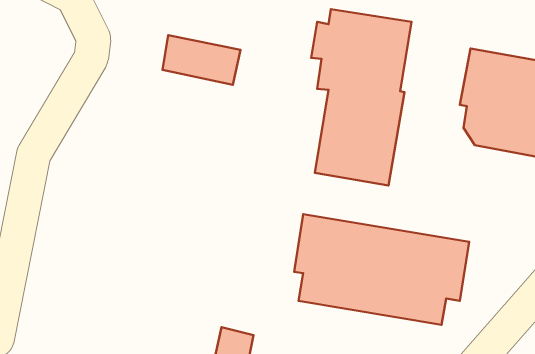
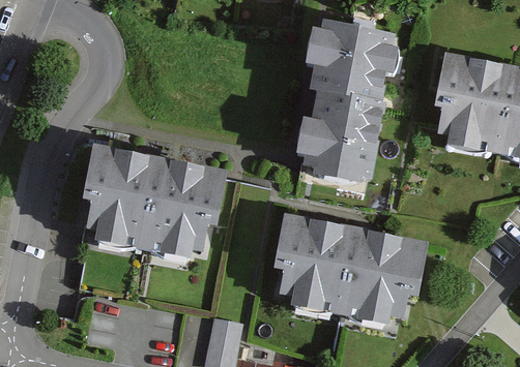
building: [162,35,240,85] -> none
building: none -> [88,139,234,251]

